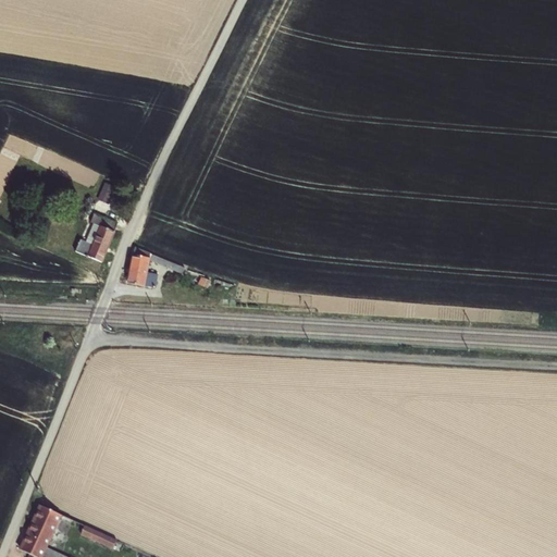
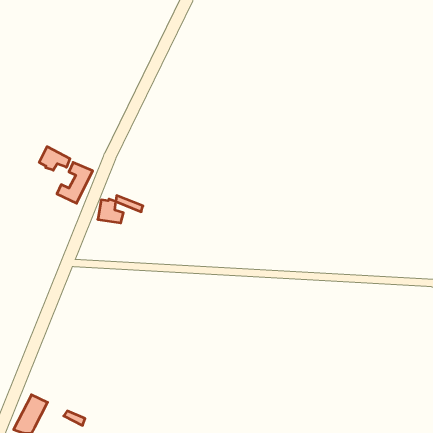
building: none -> [39,147,70,170]

